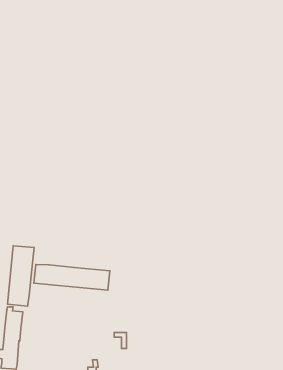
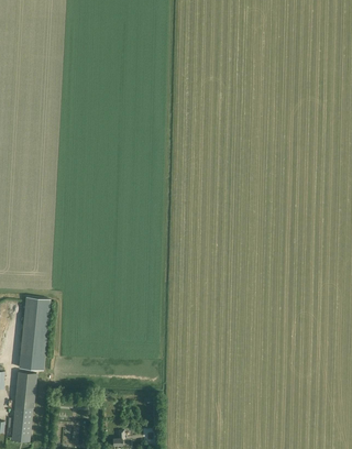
building: [34,264,110,290] -> none

